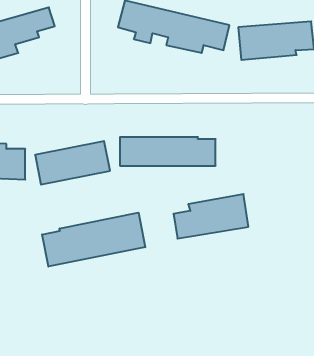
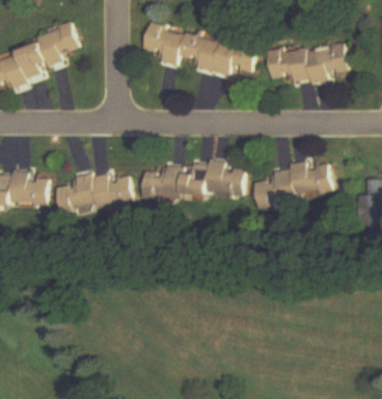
building: [173,194,248,239] -> [254,161,333,208]
building: [42,213,145,267] -> none

